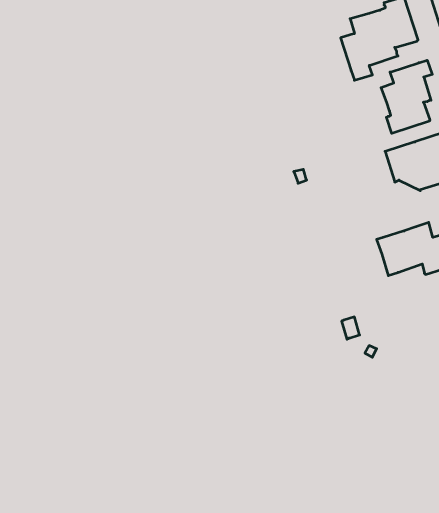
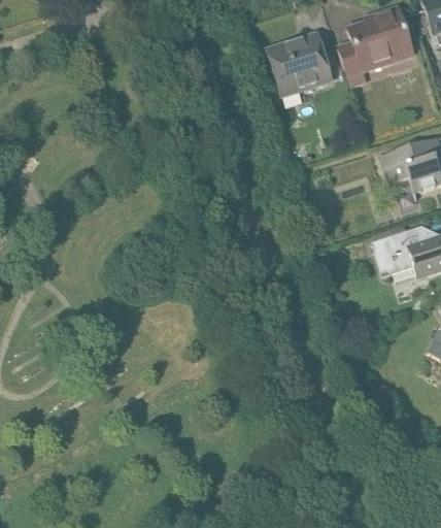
building: none -> [269,38,333,92]
building: [381,60,432,133] -> none

